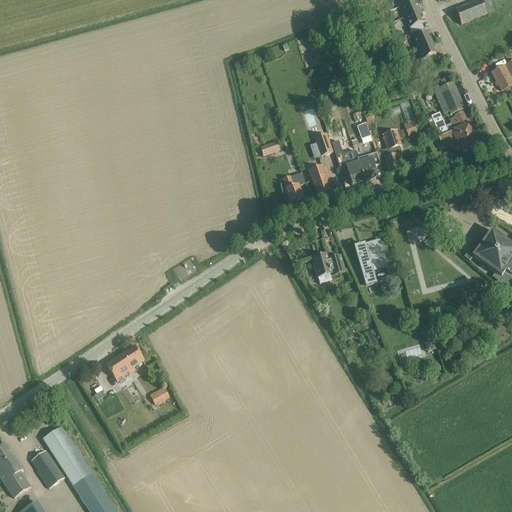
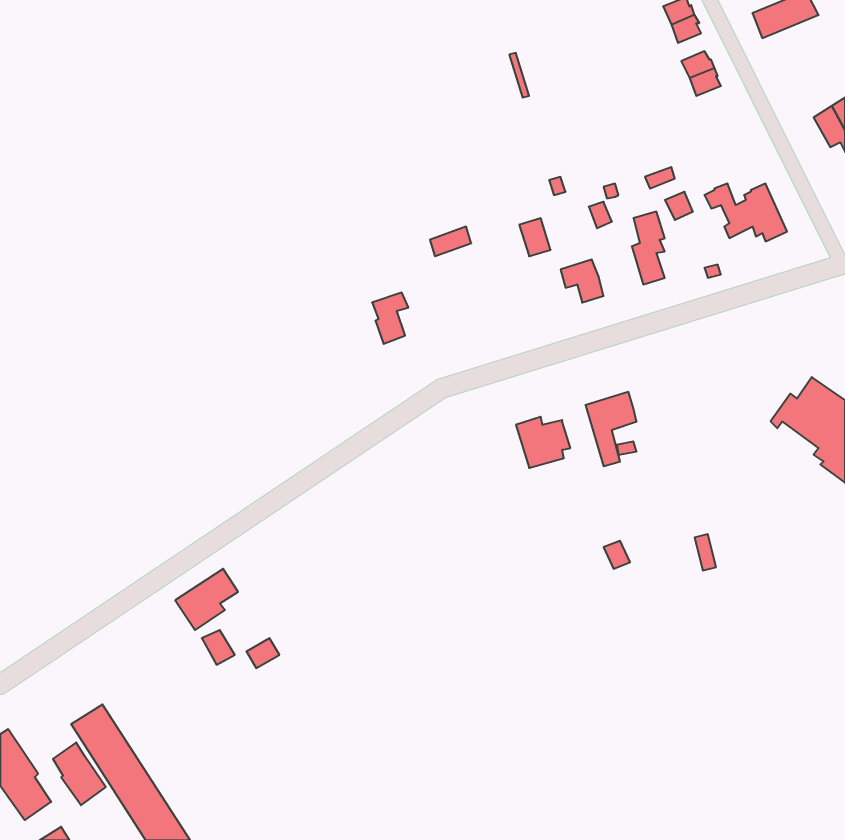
building: [433,80,465,114] -> none
building: [358,151,380,179] -> none
building: [309,164,331,193] -> none
building: [283,171,305,202] -> [372,293,408,344]

